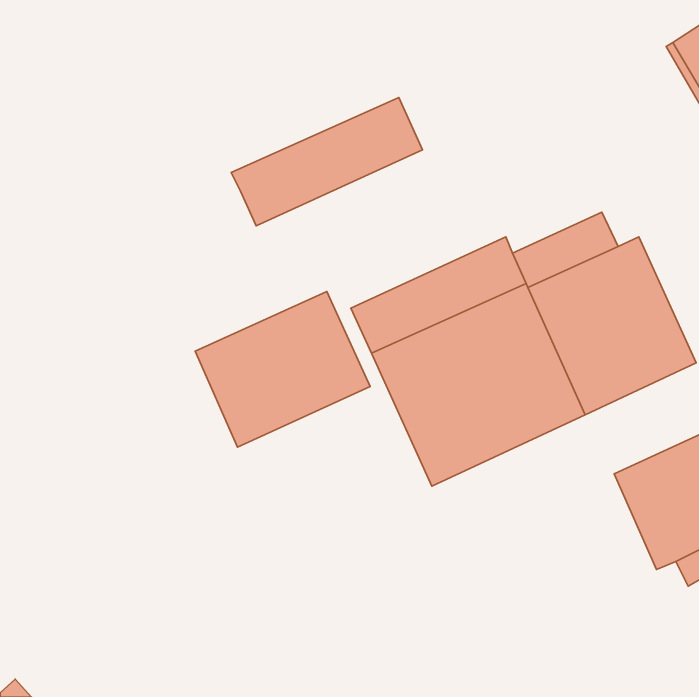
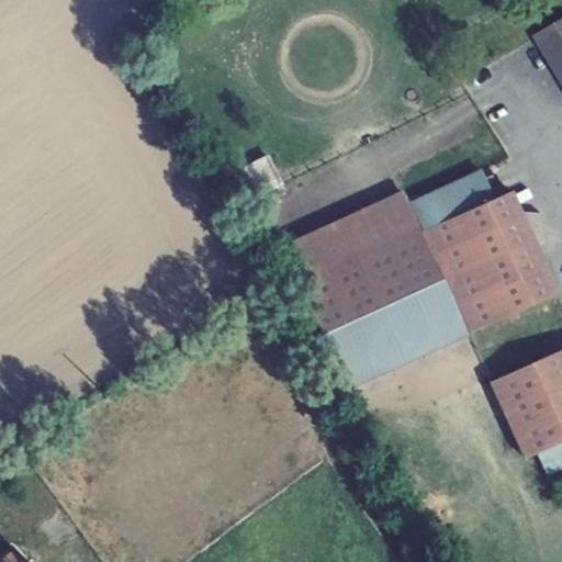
building: [231,98,422,226] -> none
building: [195,291,370,447] -> none

